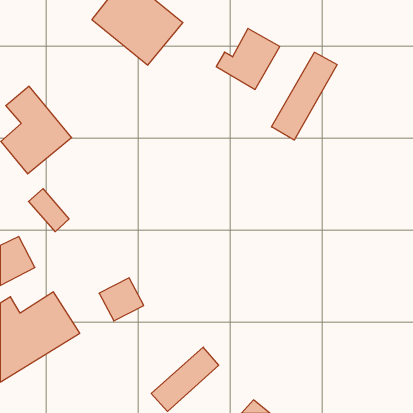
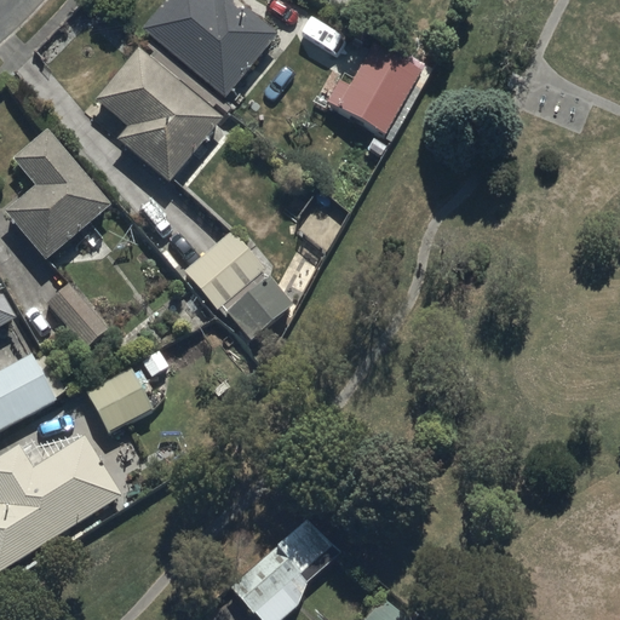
building: none -> [94,47,223,182]
building: [271,52,337,140] -> none
building: none -> [184,231,293,339]
building: [99,278,144,321] -> [86,367,153,431]

